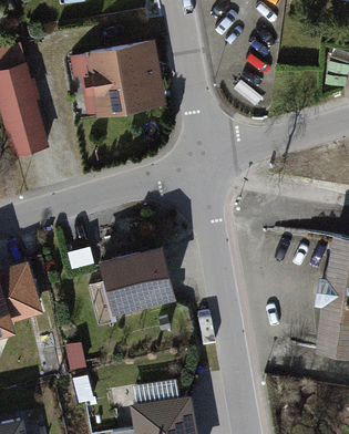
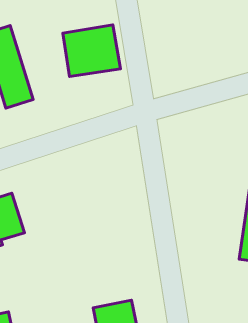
building: [96,255,167,316] -> none

